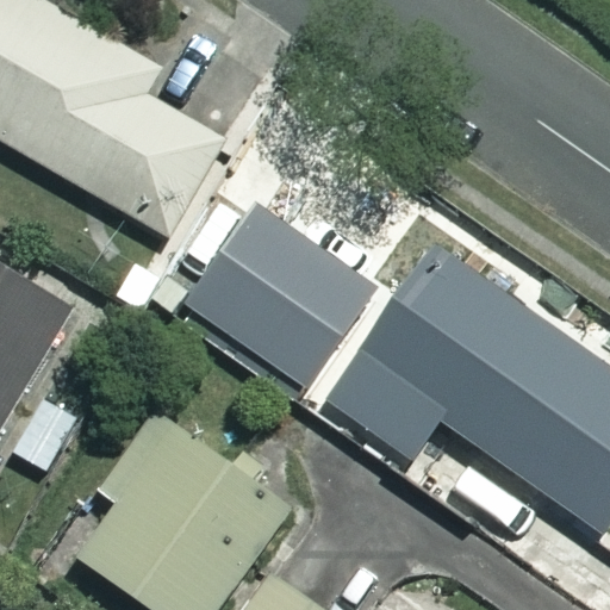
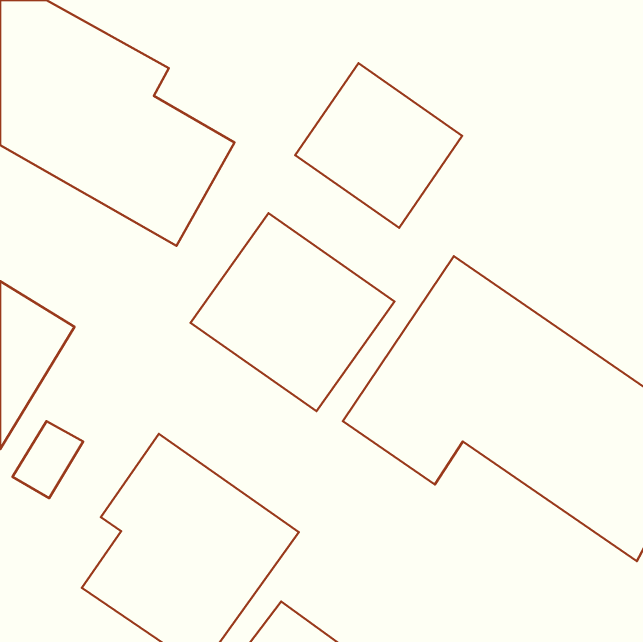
building: none -> [295,63,462,228]

